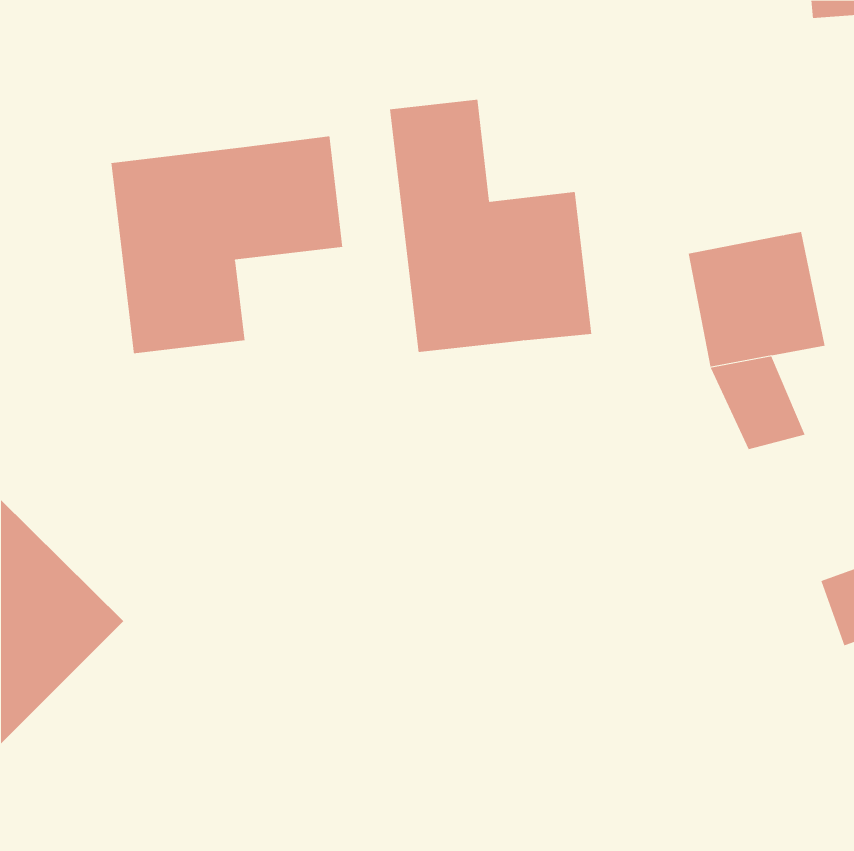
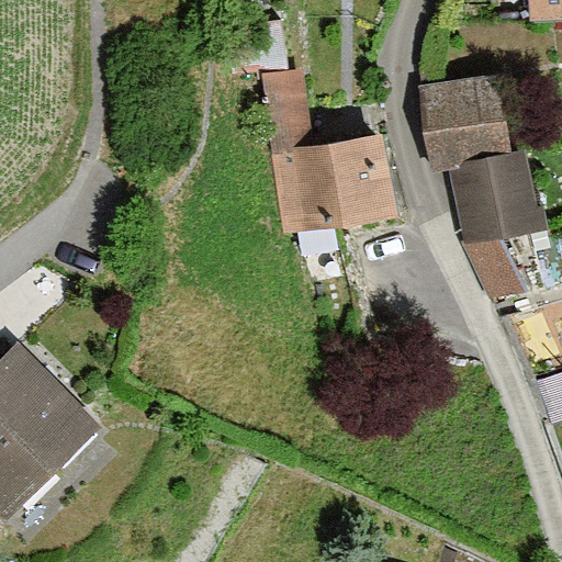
building: none -> [422,79,515,175]
building: [111,135,343,354] -> none

